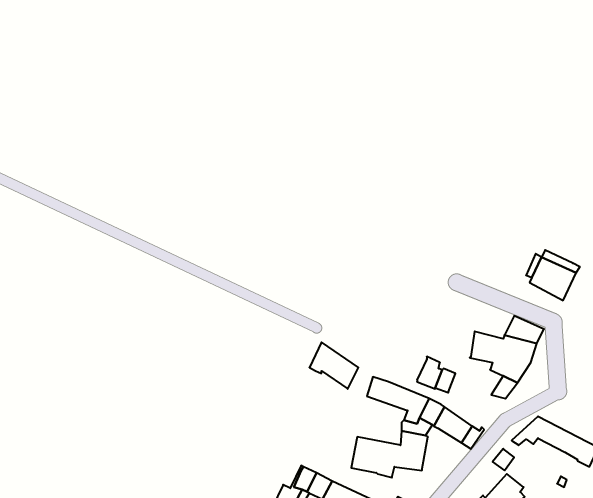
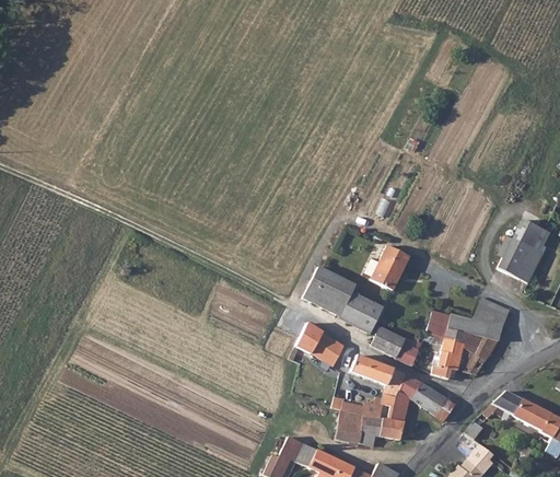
building: none -> [513,219,547,251]
building: none -> [370,245,408,290]
building: none -> [301,266,381,330]
building: none -> [369,326,405,357]
building: none -> [423,333,465,379]
building: none -> [341,393,382,417]

